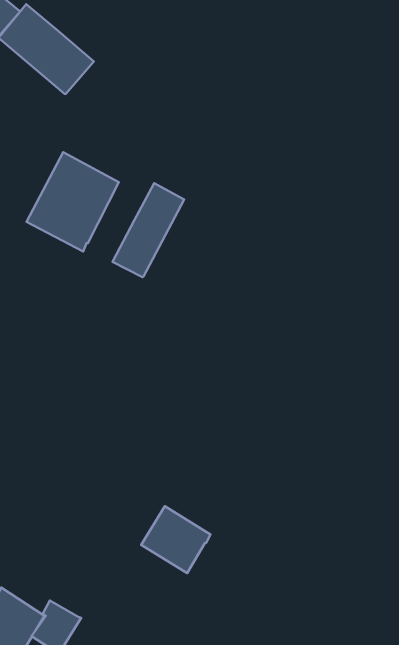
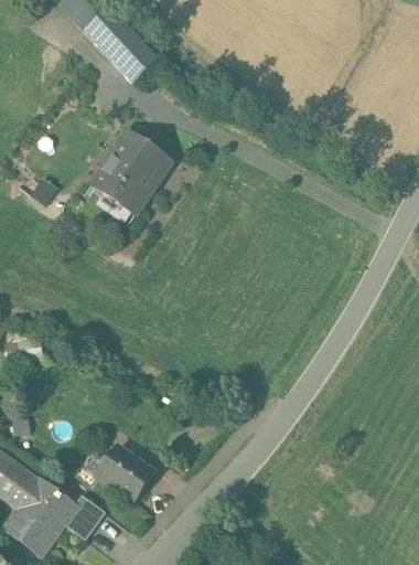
building: [113,183,184,277] -> none
building: [141,506,211,573] -> [95,445,152,501]

